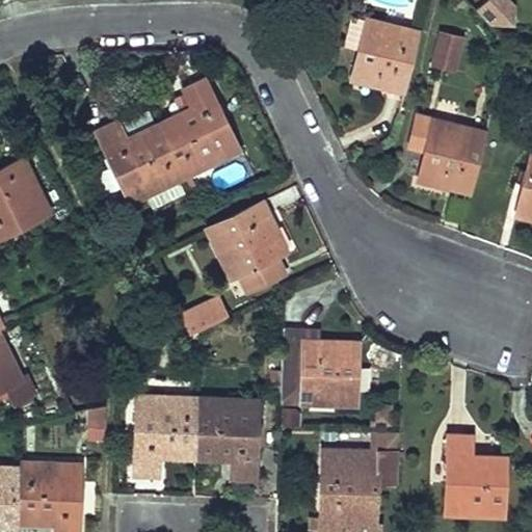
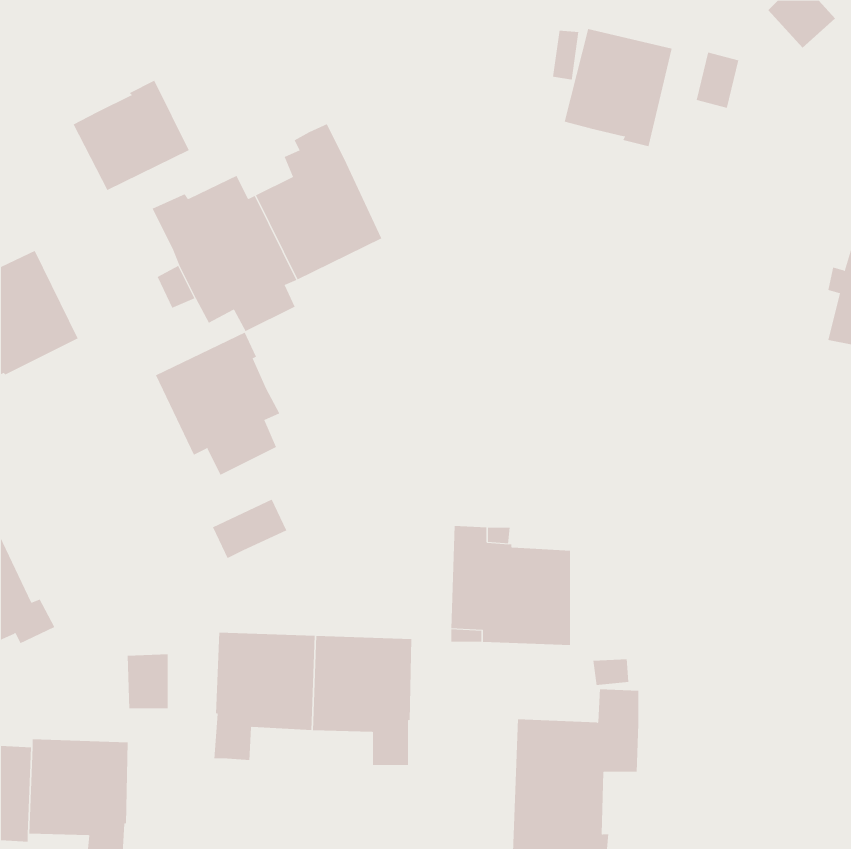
building: none -> [73,80,189,191]
building: [409,116,486,193] -> none
building: [208,202,286,291] -> [155,332,280,475]
building: [180,298,227,336] -> [212,499,287,559]
building: [446,435,508,516] -> none

